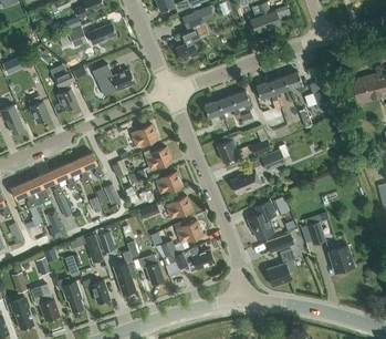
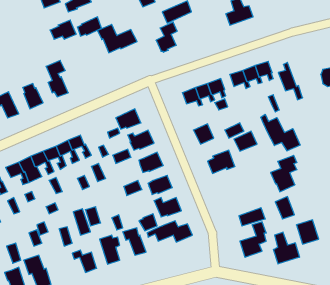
building: [92,64,135,95] -> [98,24,137,53]
building: none -> [261,114,300,151]
building: [247,201,275,240] -> [271,155,297,192]
building: none -> [274,232,299,264]
building: [55,277,83,312] -> none

